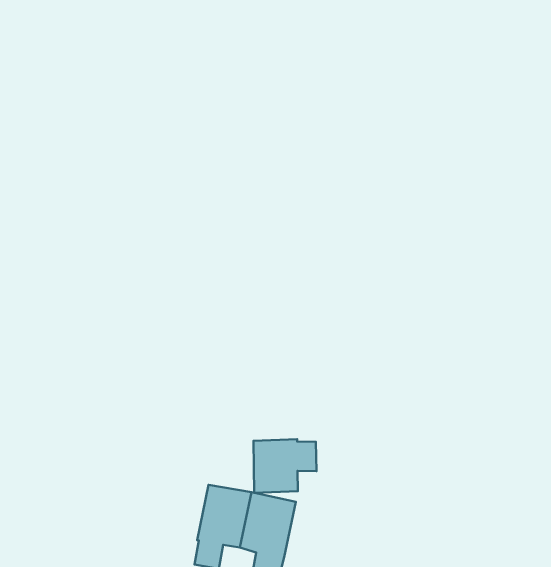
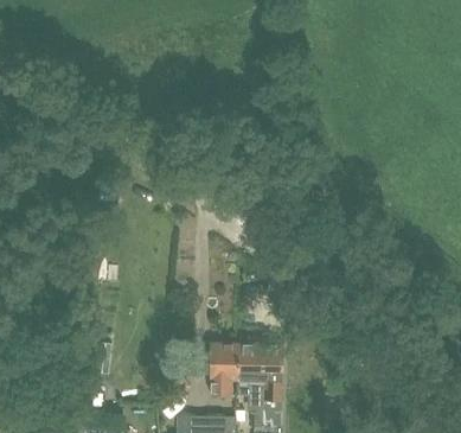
building: [253,439,316,493] -> none

